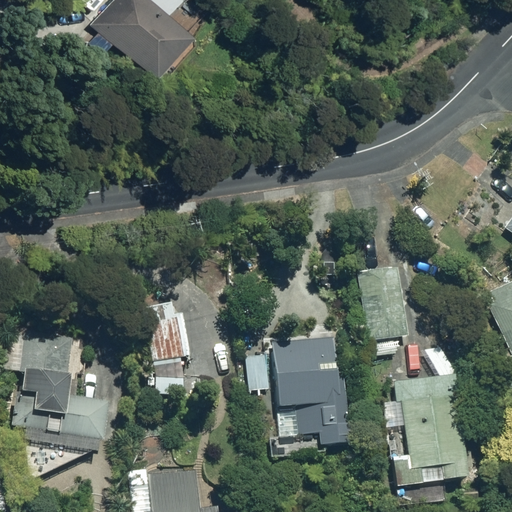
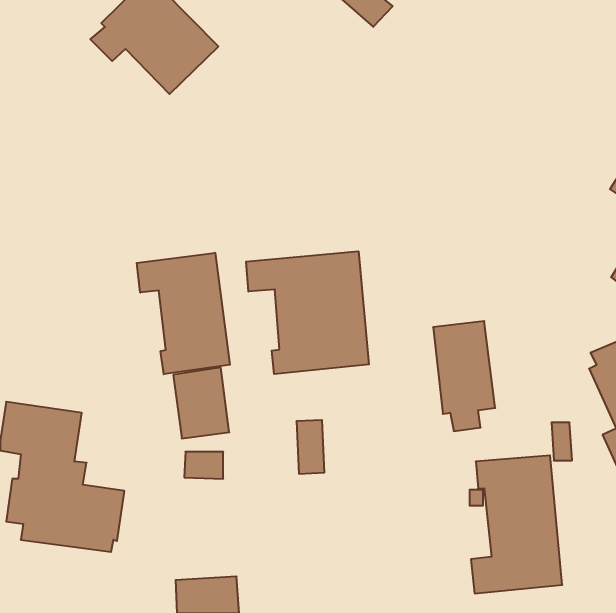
building: none -> [246,251,369,374]
building: none -> [137,253,230,374]
building: [270,335,353,456] -> none

